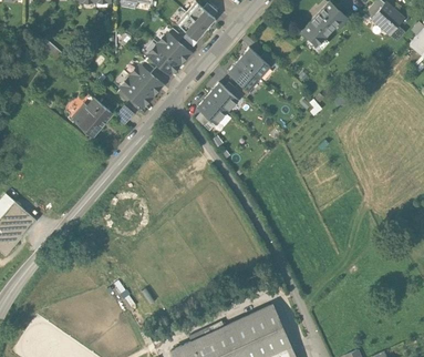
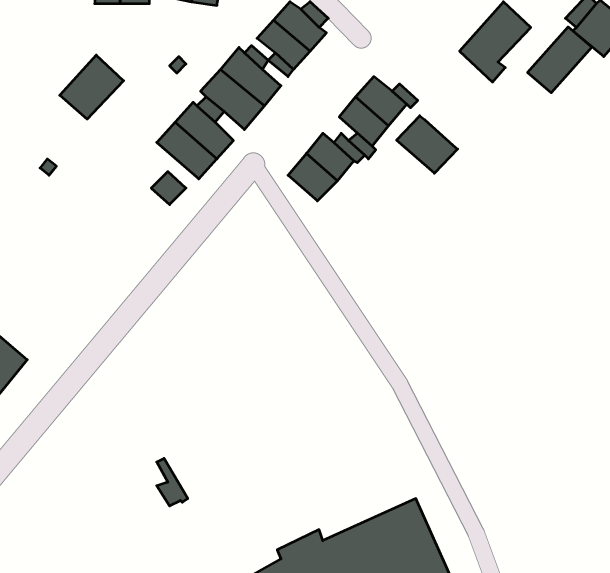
building: none -> [528,27,592,93]
building: none -> [397,116,458,173]
building: [71,98,110,136] -> [60,55,124,119]

